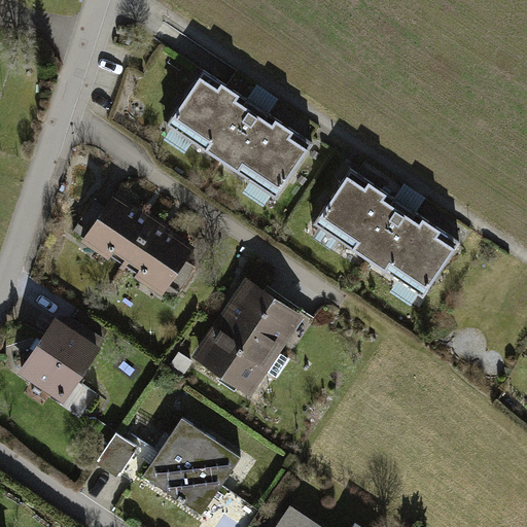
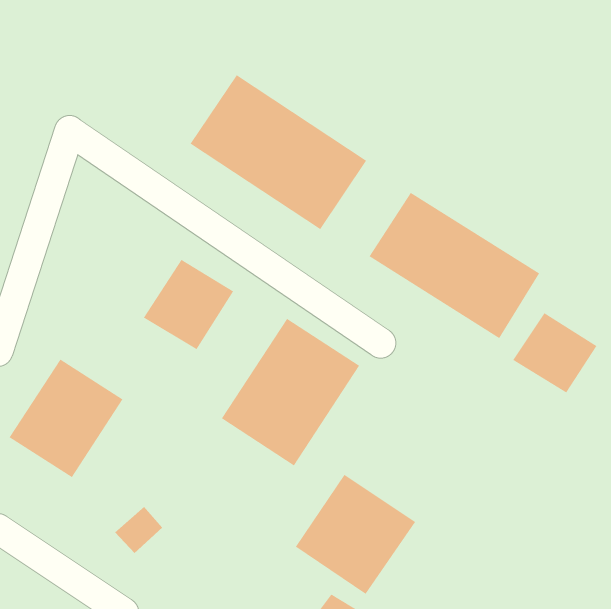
building: [76,196,155,276] -> none
building: none -> [512,312,598,393]
building: [140,415,244,519] -> [295,474,416,595]

